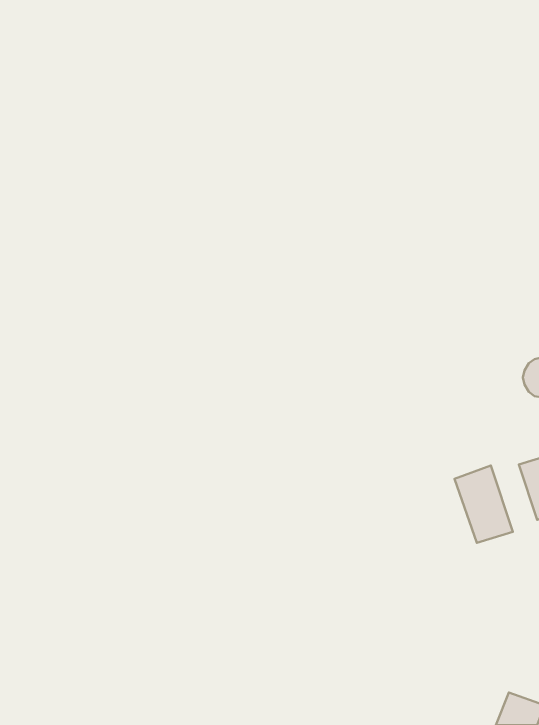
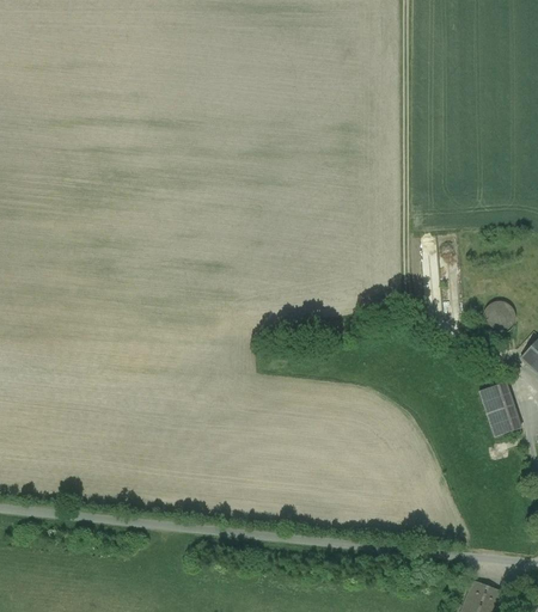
building: [455,465,513,543] -> none

